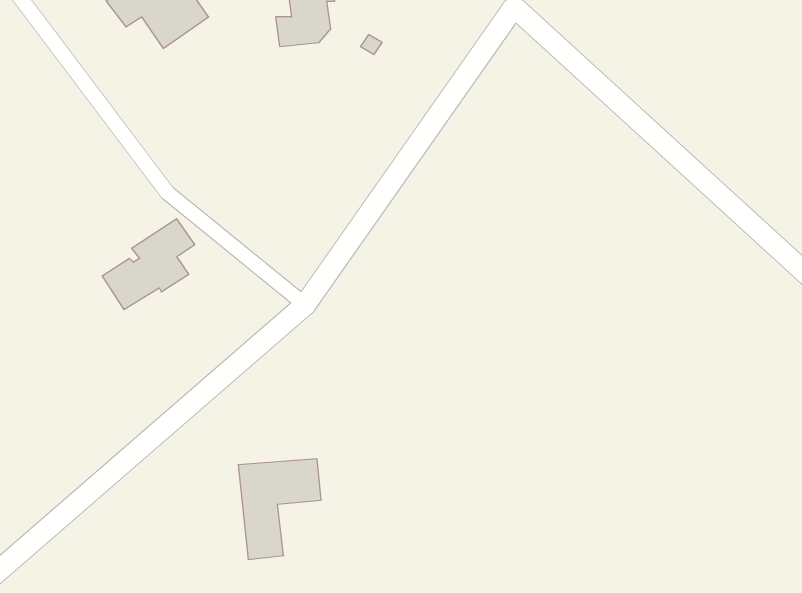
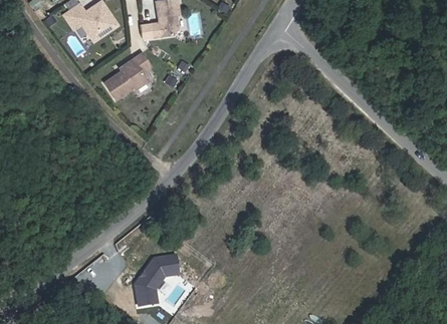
building: [102,219,195,310] -> [106,52,154,98]

